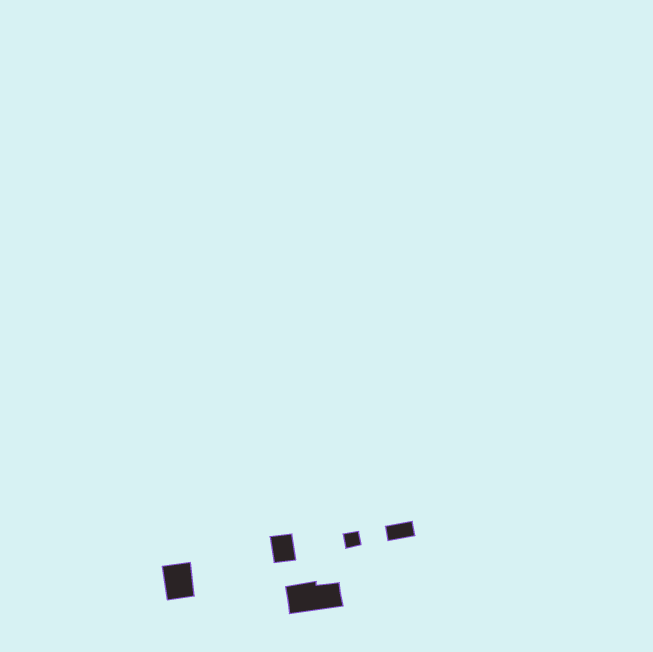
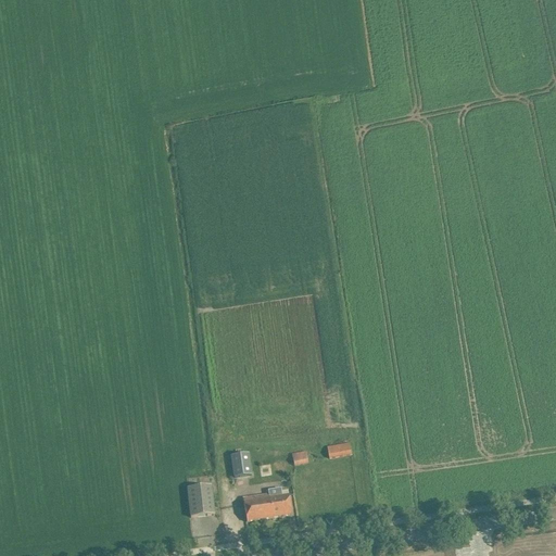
building: [162,563,194,600] -> [186,485,213,517]

